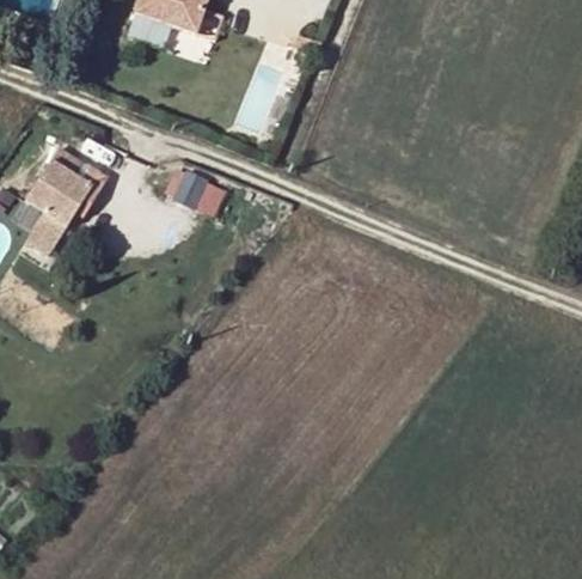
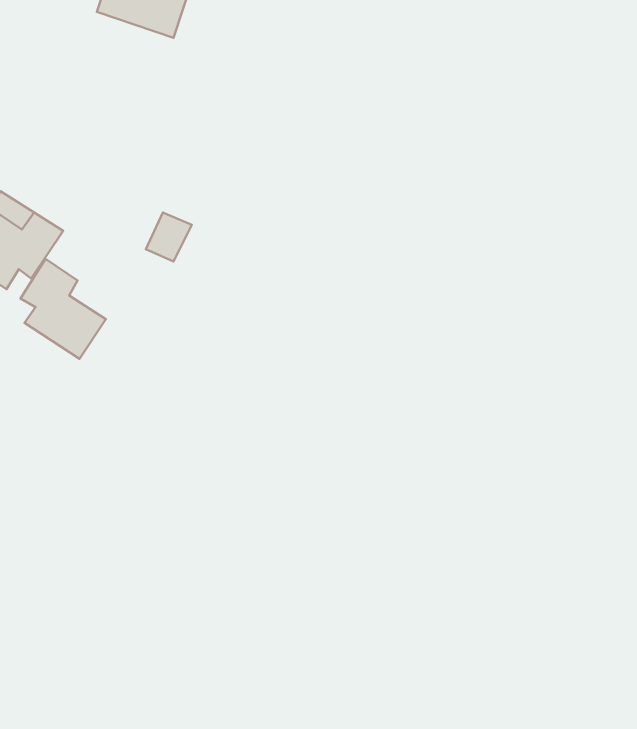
building: none -> [21,259,106,359]

